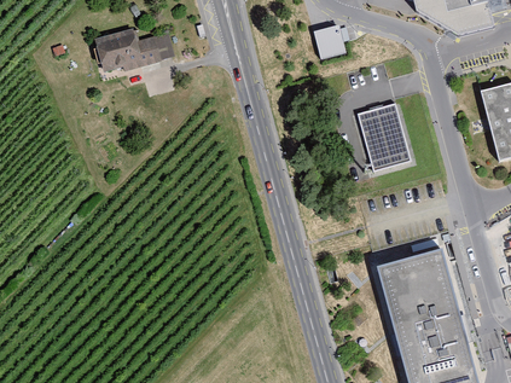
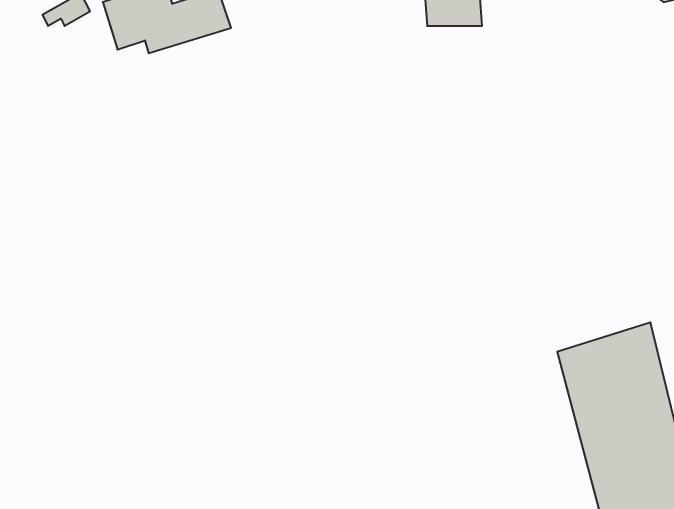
building: [356,106,412,175] -> none

